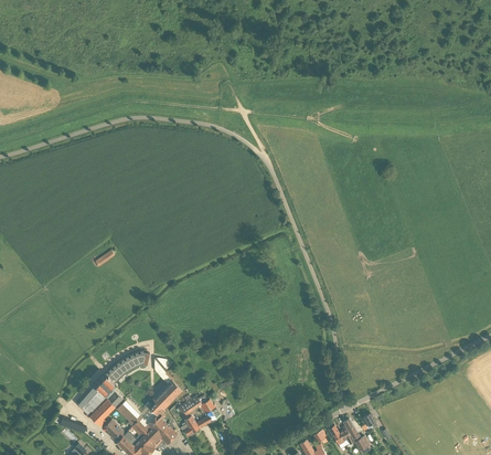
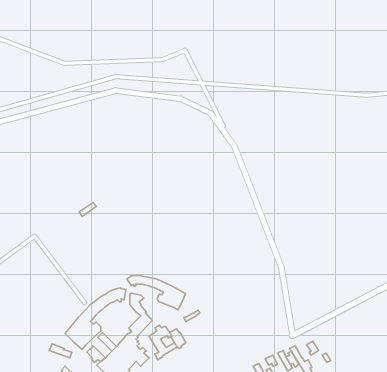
building: none -> [127,275,186,310]

